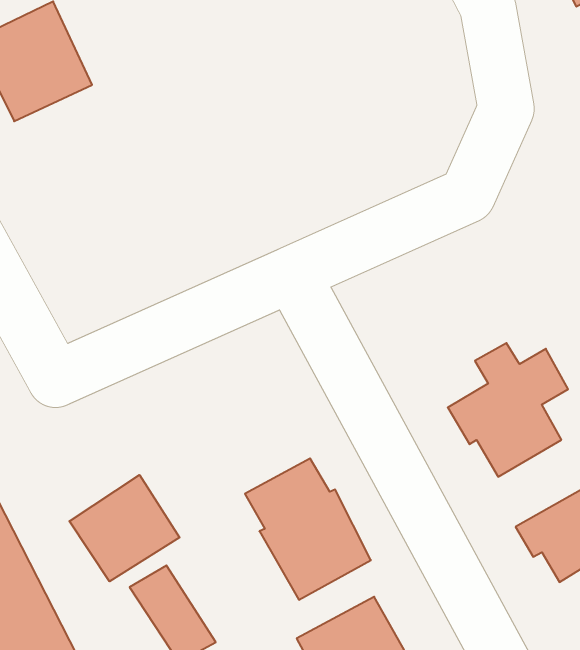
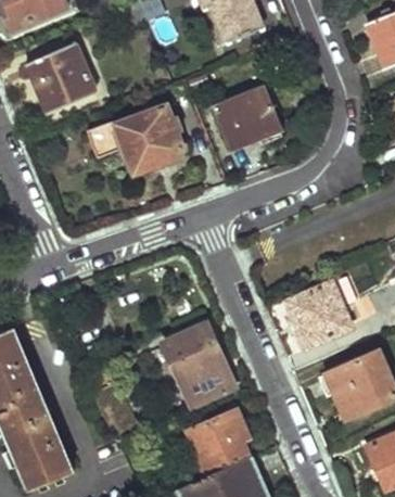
building: none -> [214,87,281,151]
building: none -> [88,104,182,176]
building: [69,475,180,581] -> none

